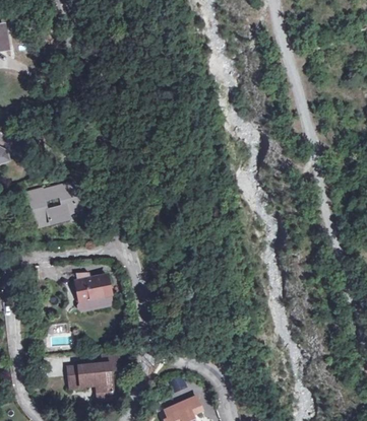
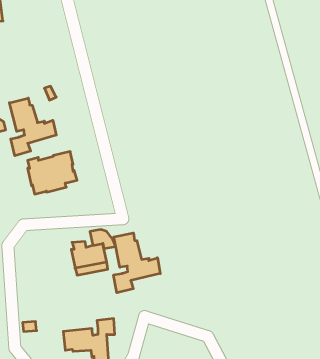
building: none -> [9,98,56,156]
building: none -> [114,233,160,293]

